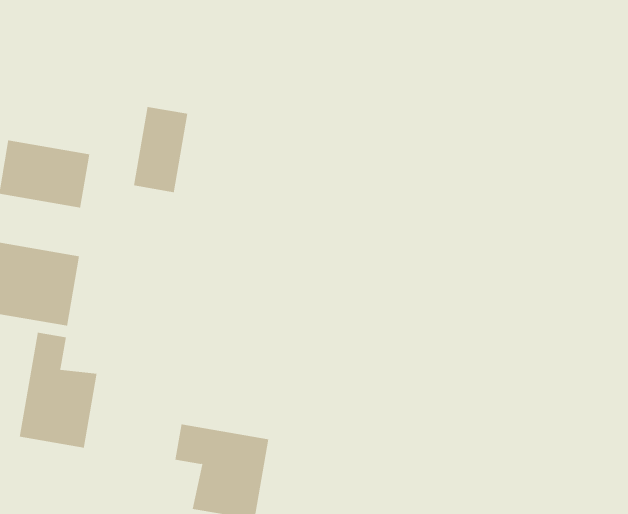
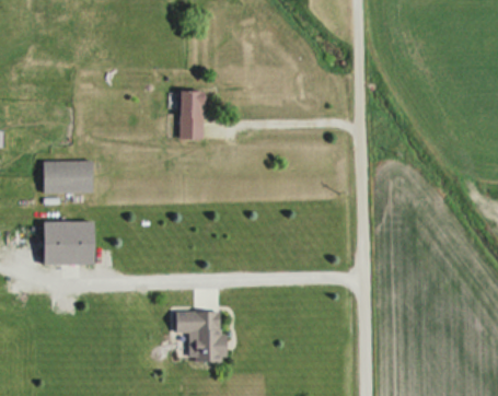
building: [133,106,188,193] -> [179,92,205,140]
building: [19,332,97,448] -> none

